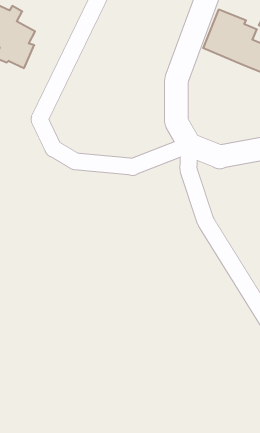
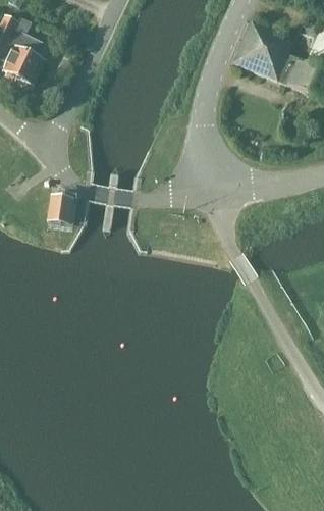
building: none -> [46,194,74,223]

